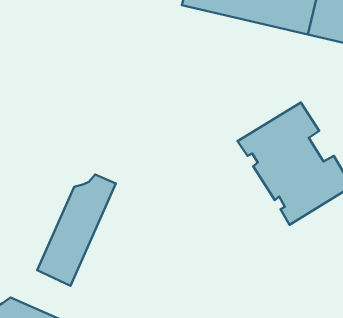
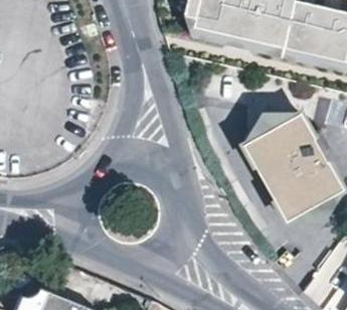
building: [37,174,116,286] -> none

